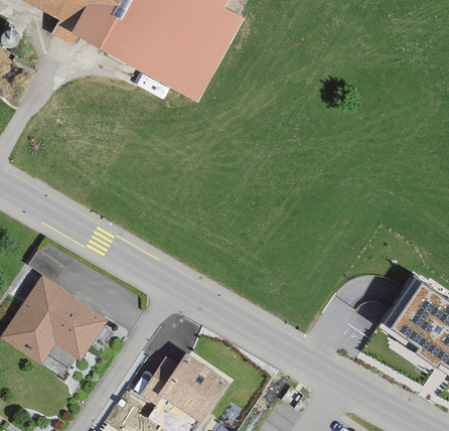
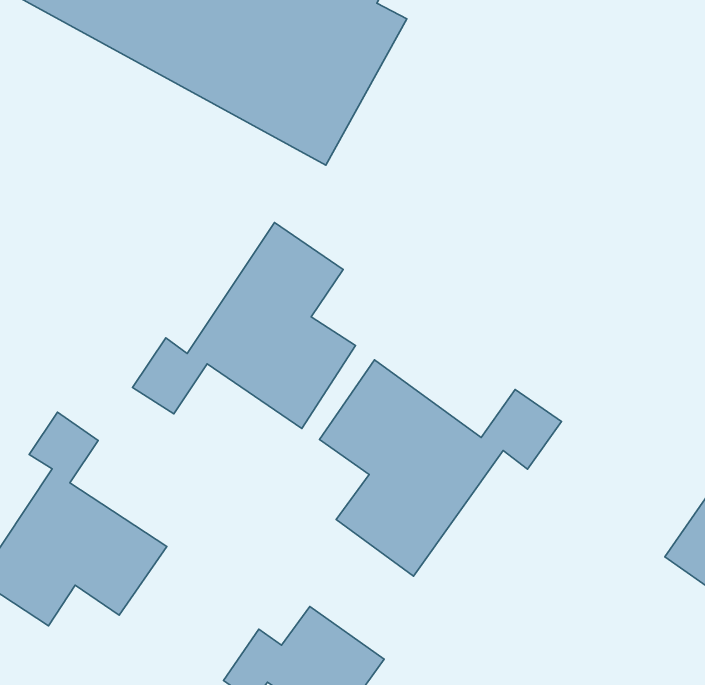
building: none -> [133,223,355,428]
building: none -> [320,360,562,576]

